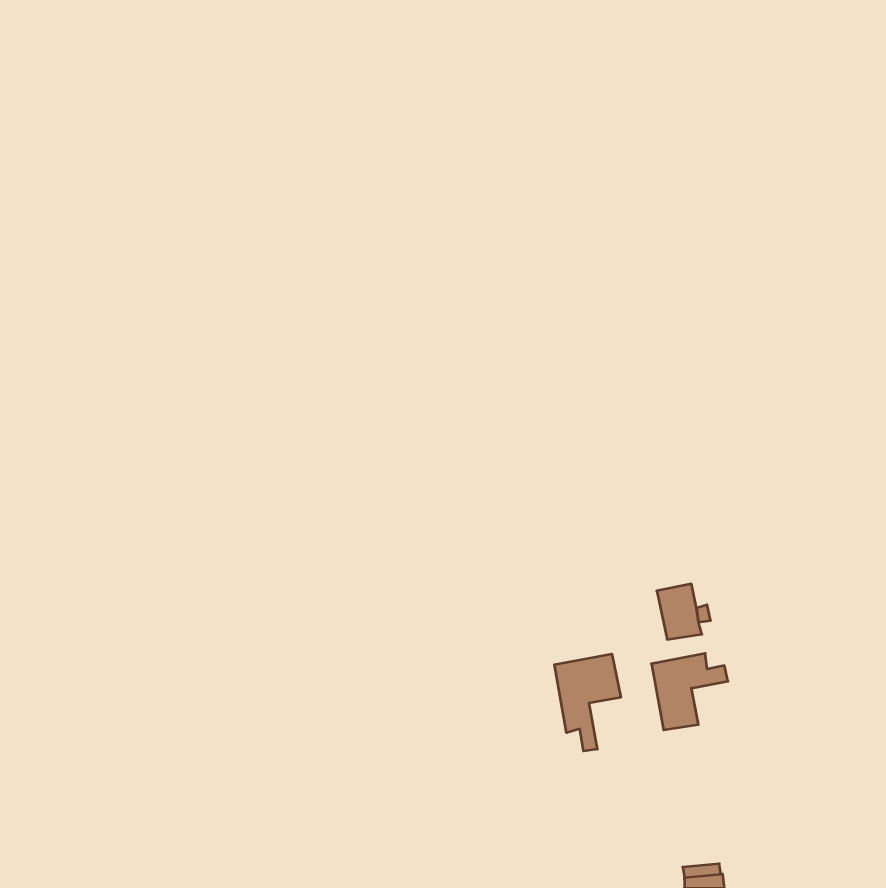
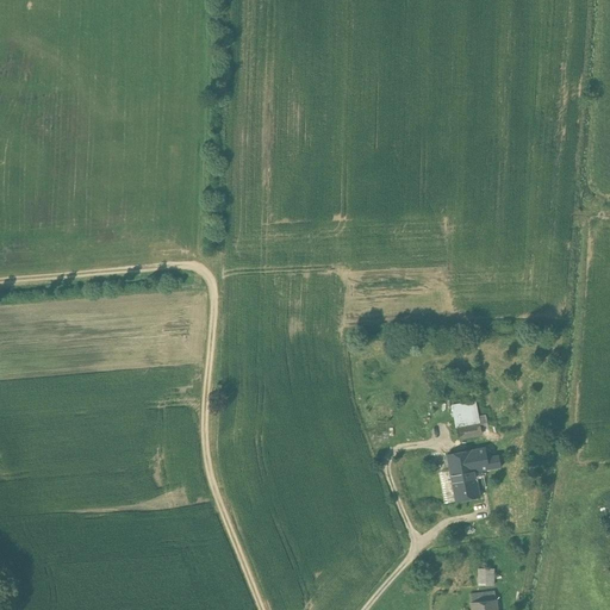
building: [554,654,621,751] -> none

